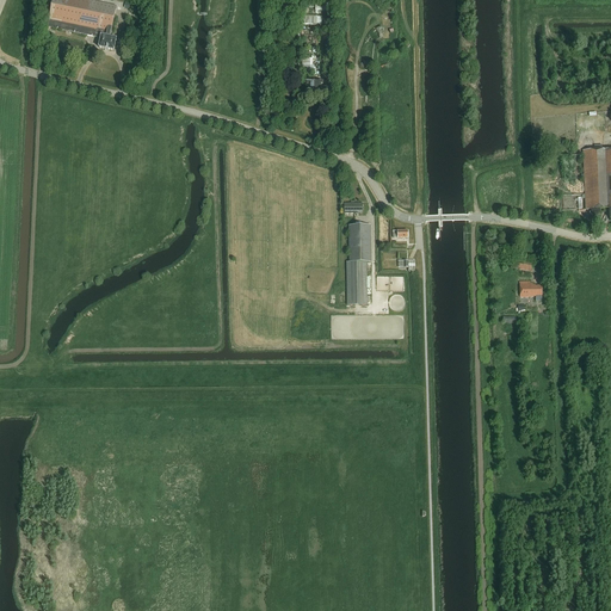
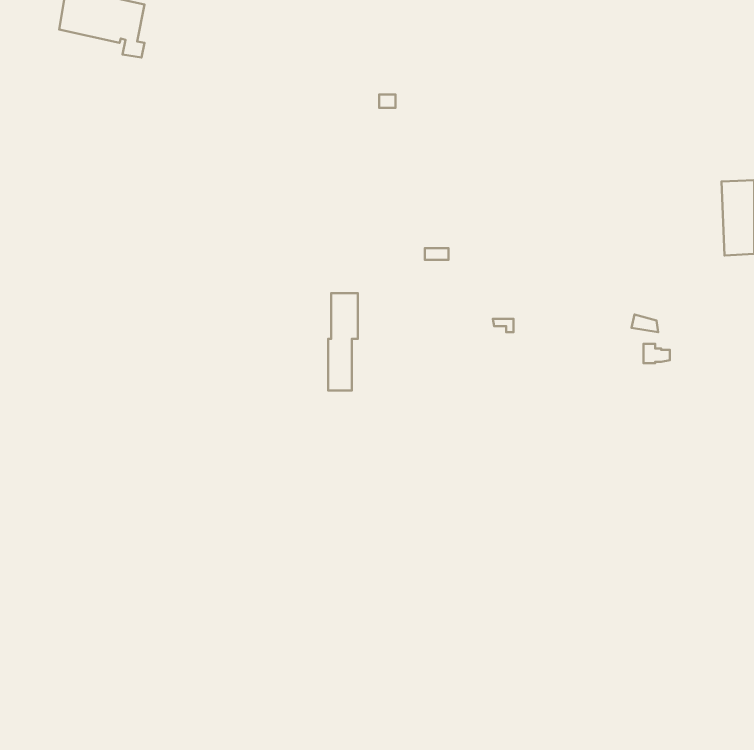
building: [347,222,371,301] -> [328,293,358,391]

